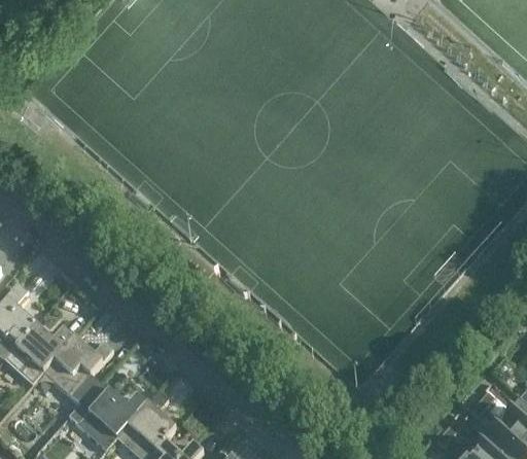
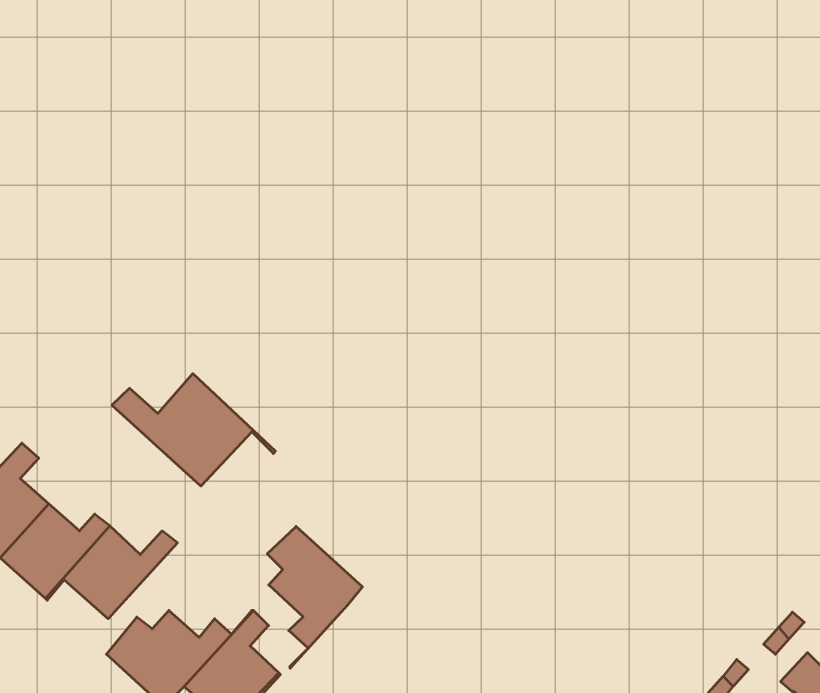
building: none -> [112,374,275,486]
building: none -> [267,526,362,668]

